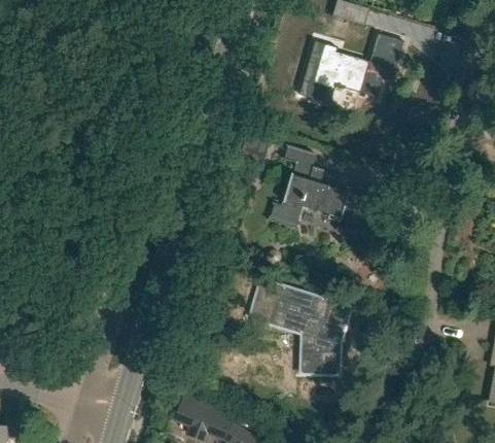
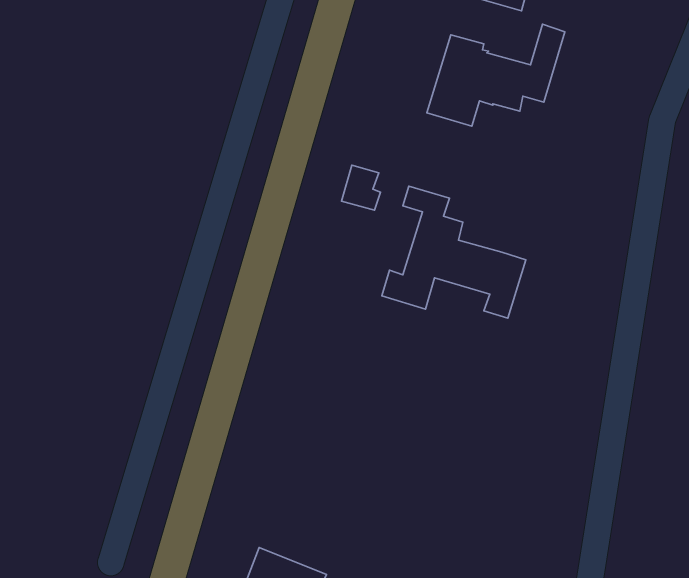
building: [250,280,351,374] -> none

